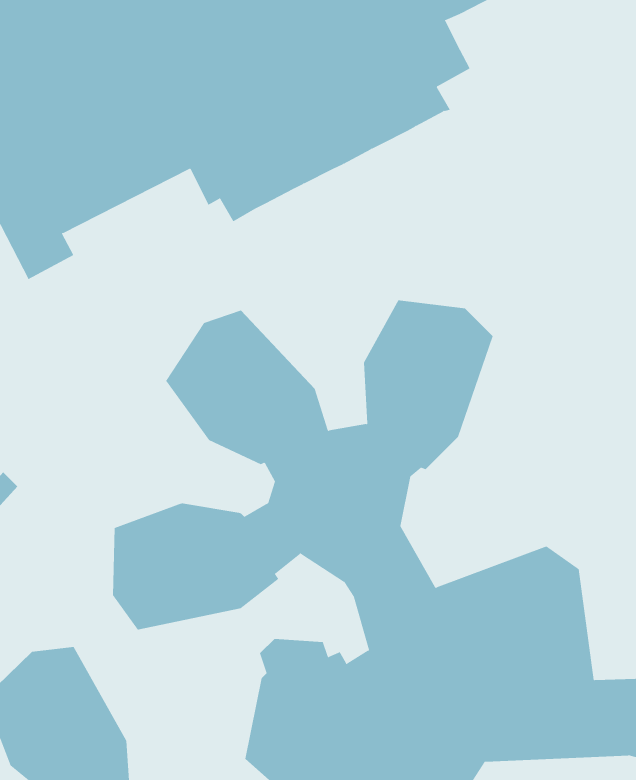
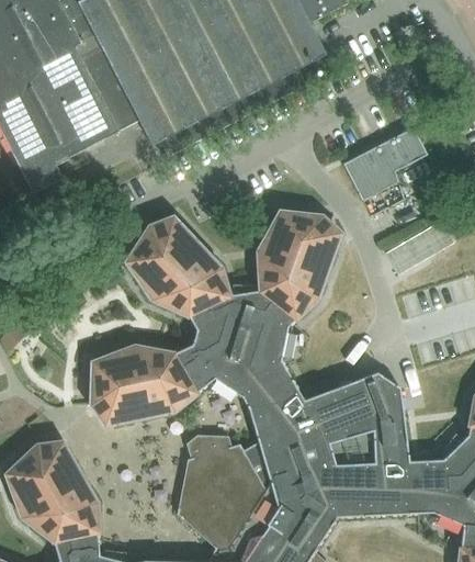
building: none -> [343,127,427,200]

